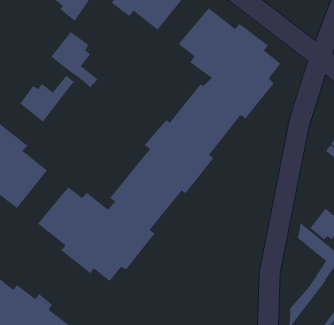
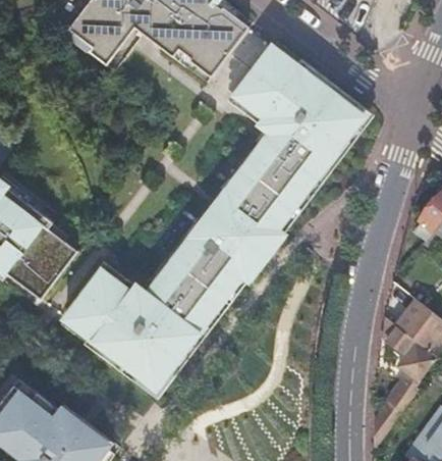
building: [51,31,98,89] -> none
building: [19,75,75,122] -> none

